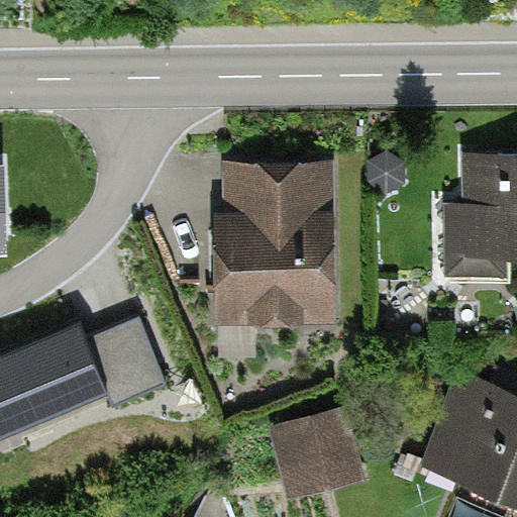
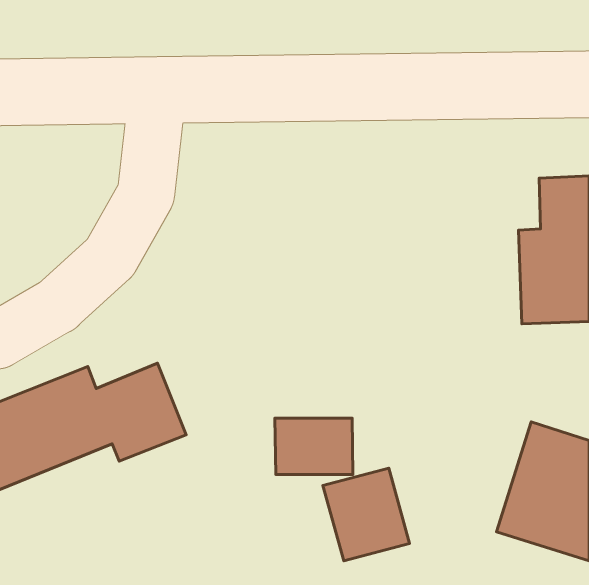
building: [220,172,327,317] -> none
building: none -> [275,418,353,474]

